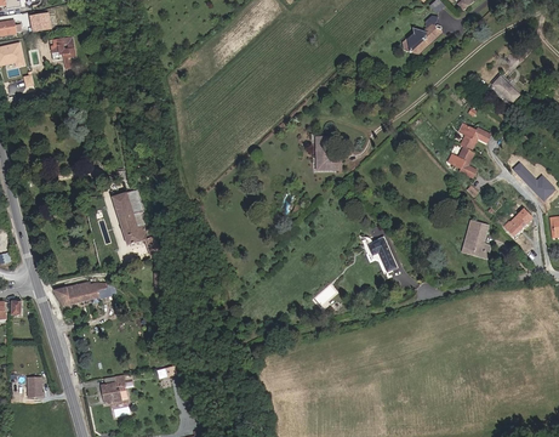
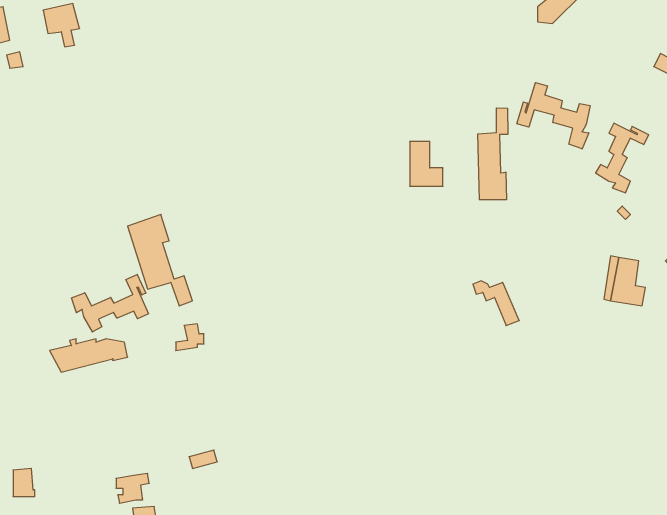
building: none -> [517,83,590,149]
building: none -> [478,108,508,200]
building: none -> [72,274,149,332]

